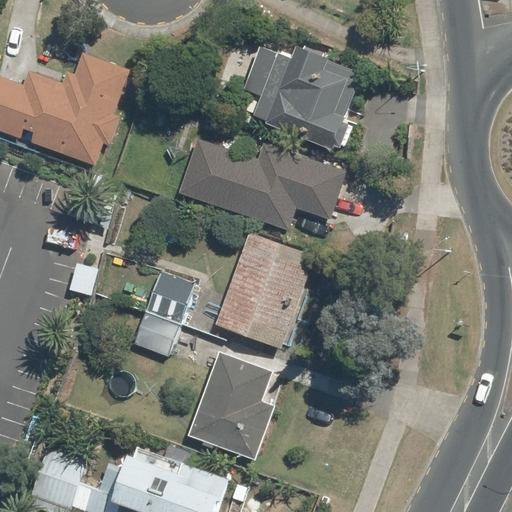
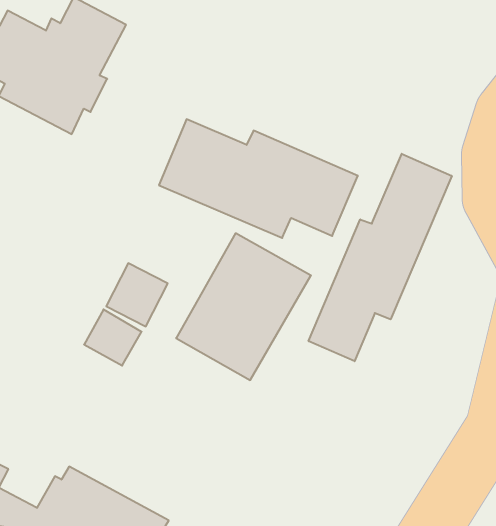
building: [247,45,355,135] -> none
building: none -> [309,154,452,361]
building: [189,351,274,460] -> none

